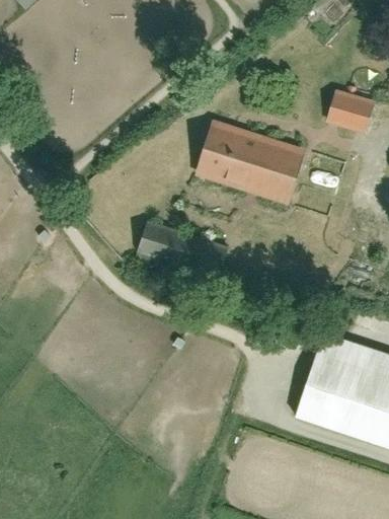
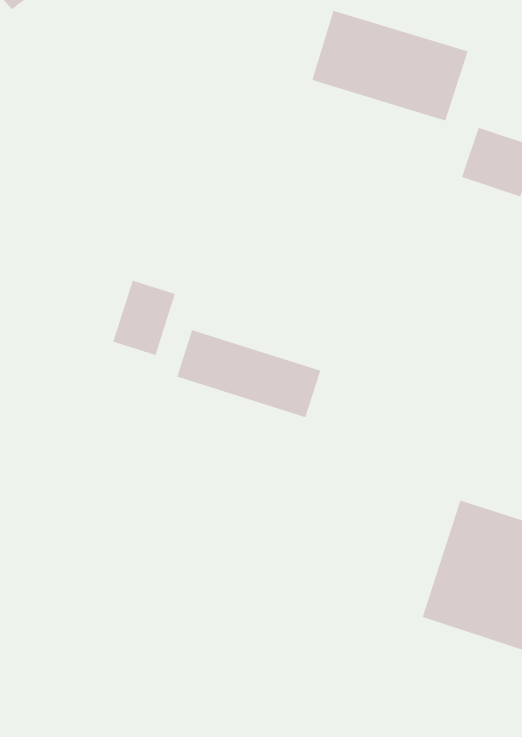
building: [204,127,308,201] -> [312,10,469,121]
building: none -> [113,280,176,356]

